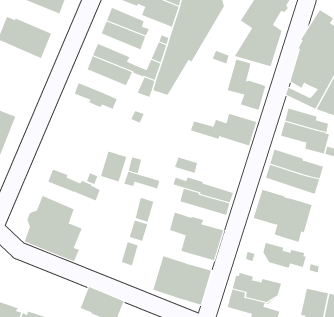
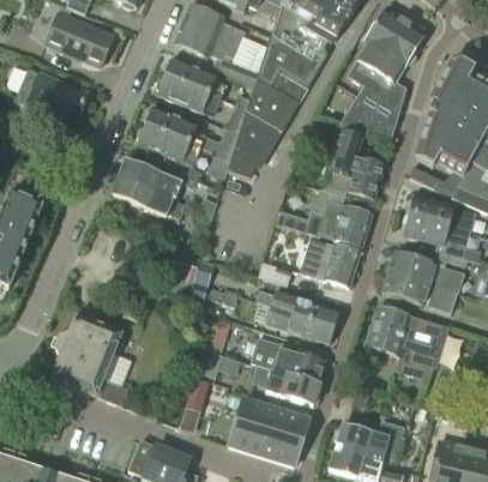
building: none -> [301,237,360,287]
building: [47,169,101,201] -> [113,175,186,219]
building: [263,242,307,268] -> none

